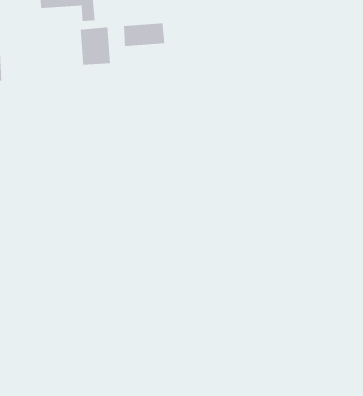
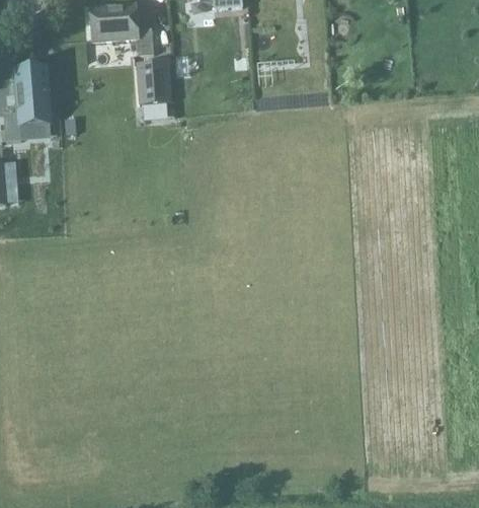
building: [123,22,165,47] -> none

